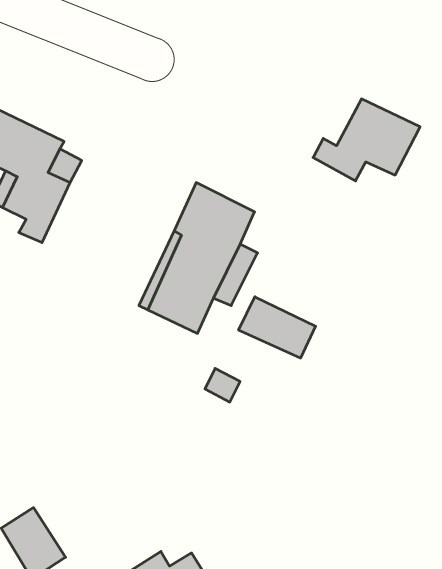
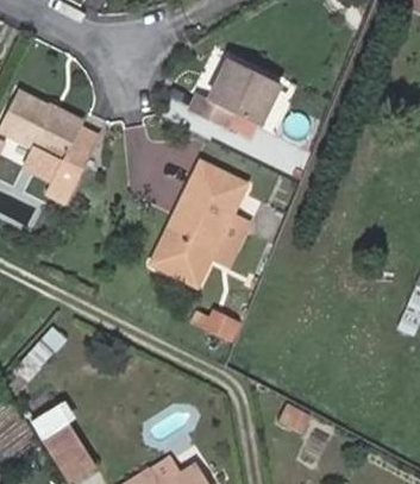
building: [313,99,420,181] -> [190,62,277,128]
building: [239,297,316,358] -> none

